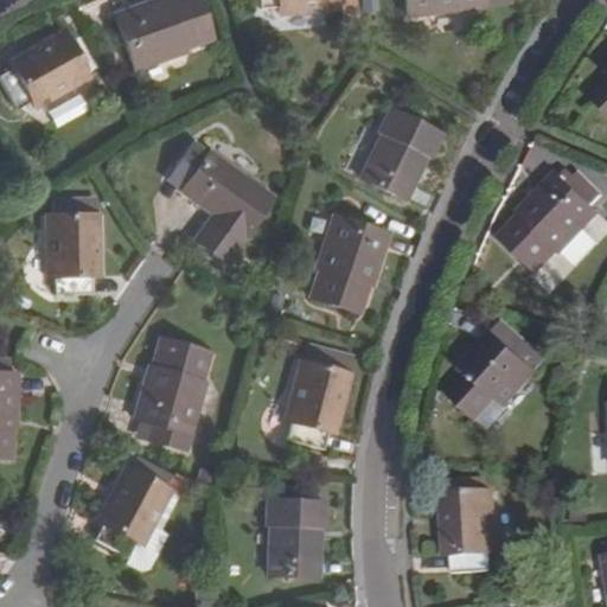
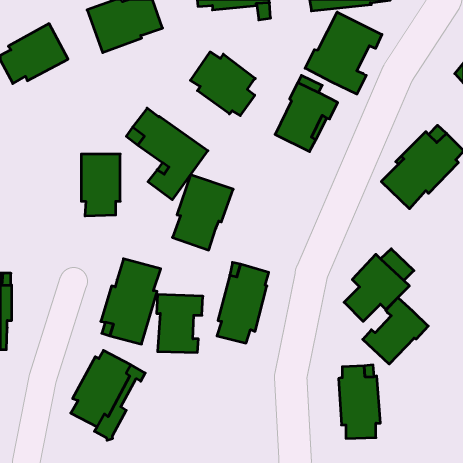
building: none -> [305,12,382,94]
building: none -> [190,52,255,116]
building: [311,213,390,312] -> [172,175,233,250]
building: [47,215,98,295] -> [81,154,120,216]
building: none -> [363,298,428,364]
building: [266,499,326,575] -> [157,294,203,352]

